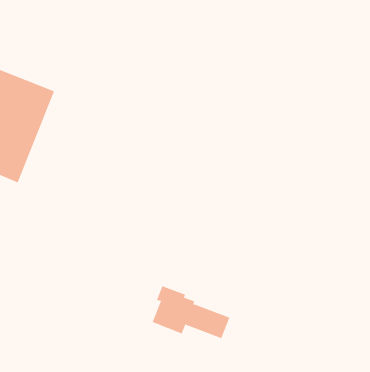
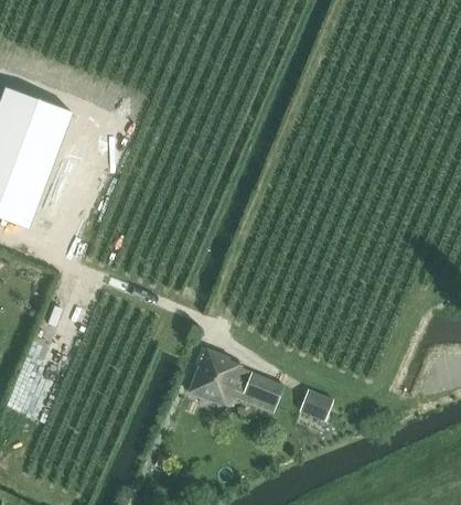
building: none -> [301,389,334,421]

